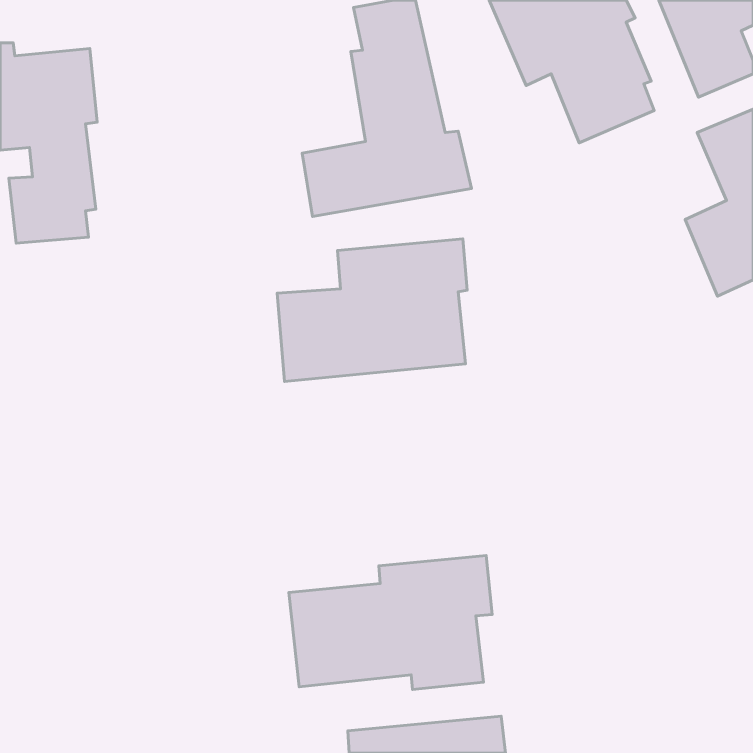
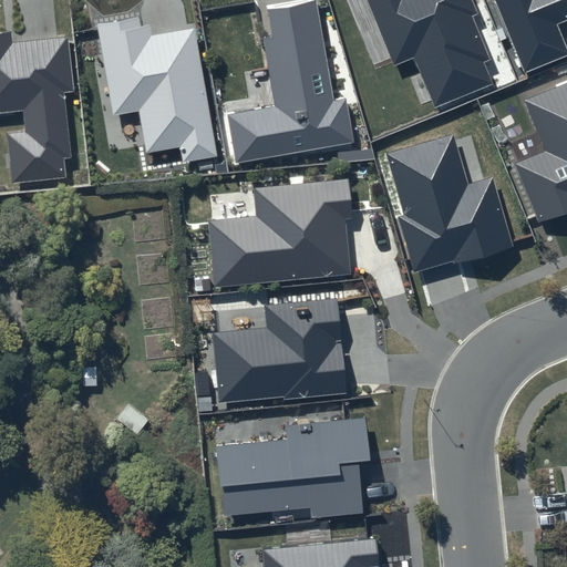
building: none -> [97,16,218,162]
building: none -> [386,135,514,274]
building: none -> [213,298,346,404]

